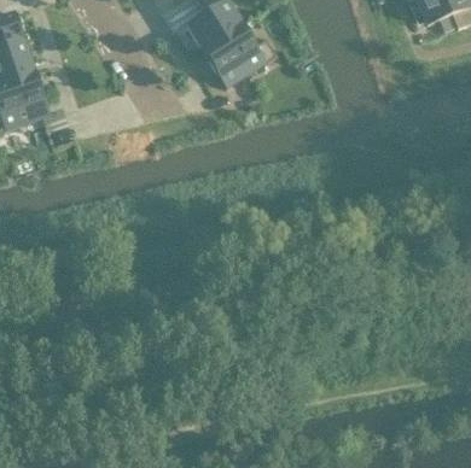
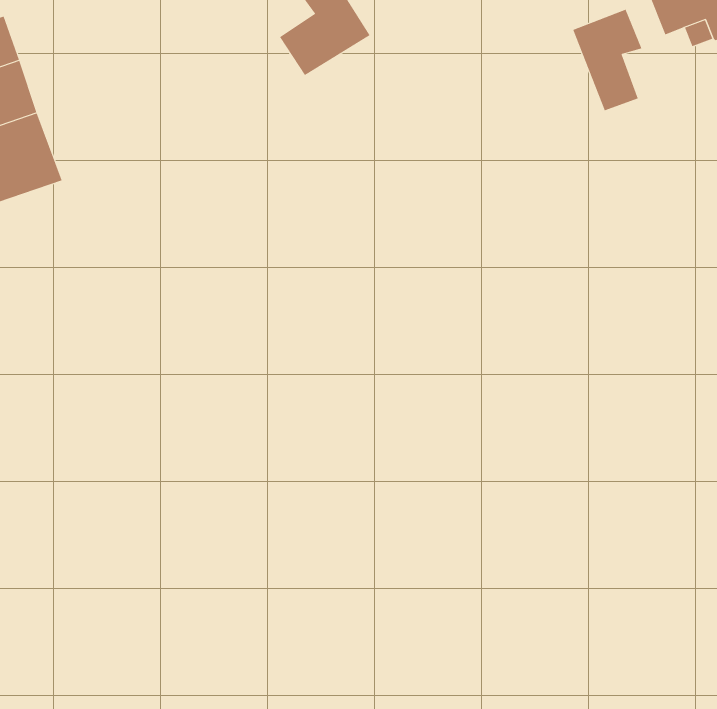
building: none -> [573,9,642,111]
building: [200,23,275,87] -> none

